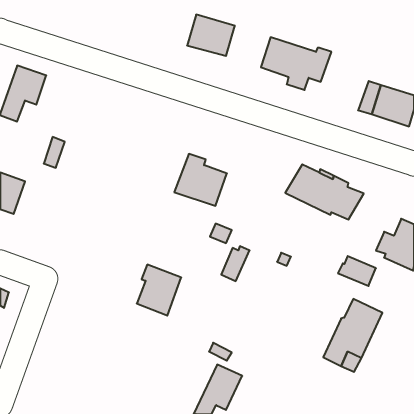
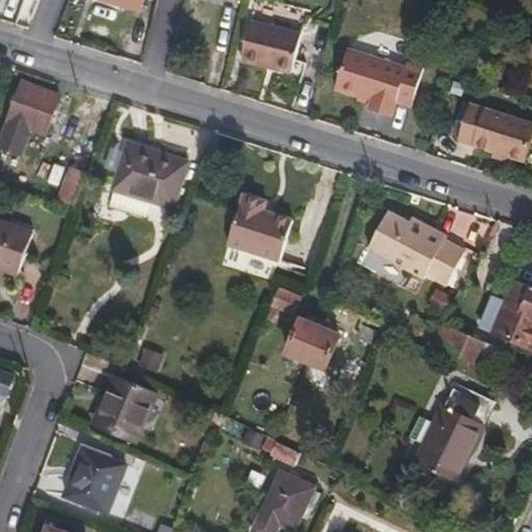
building: none -> [115,144,189,208]
building: none -> [302,321,337,369]
building: [137,265,181,316] -> [97,376,154,442]
building: none -> [66,451,131,516]

